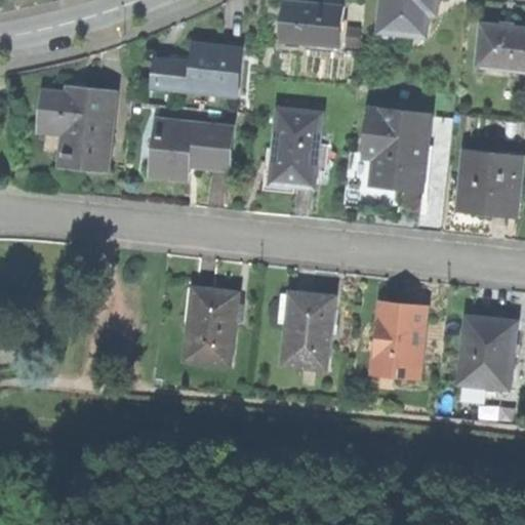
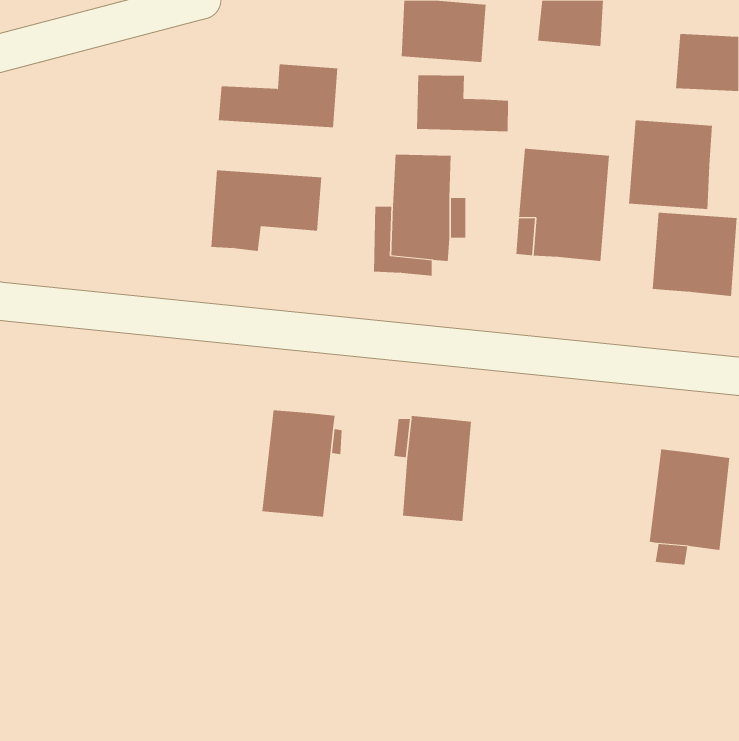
building: none -> [417,74,508,132]
building: none -> [629,119,713,210]
building: [41,86,112,169] -> none
building: [373,305,425,378] -> none

